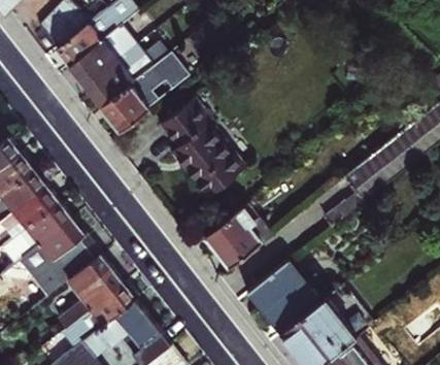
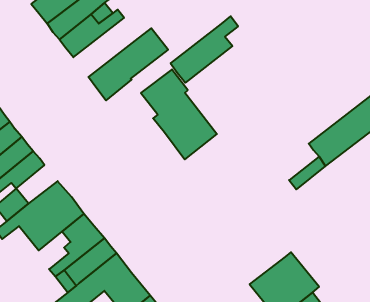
building: [86,32,160,105] -> [171,16,238,83]
building: [23,202,68,244] -> none
building: [204,203,272,268] -> none
building: [248,263,318,333] -> none

